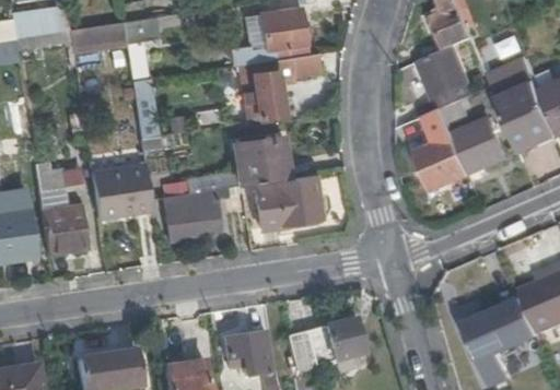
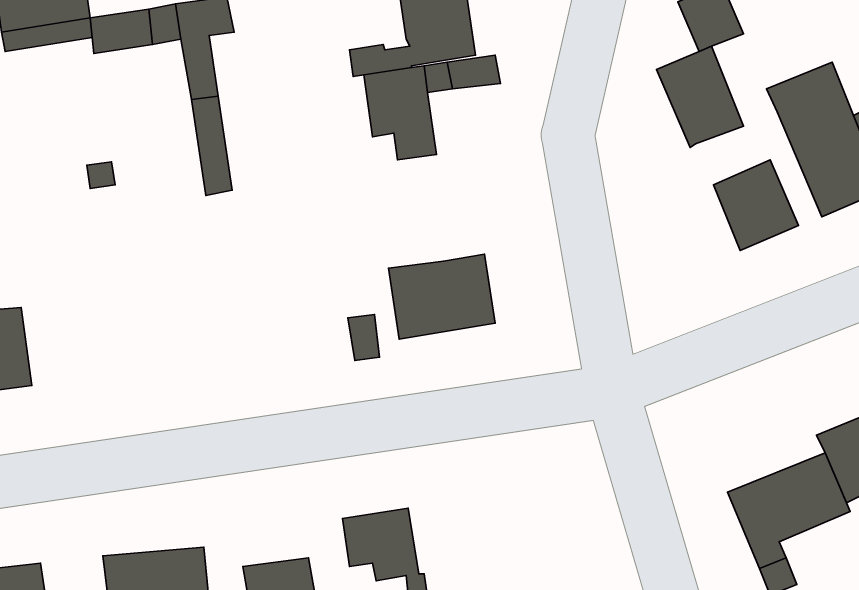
building: [417,107,470,188] -> none
building: [232,137,288,186] -> none
building: [35,161,89,252] -> none
building: [91,166,152,218] -> none
building: [164,189,226,239] -> none
building: [288,319,363,370] -> none

